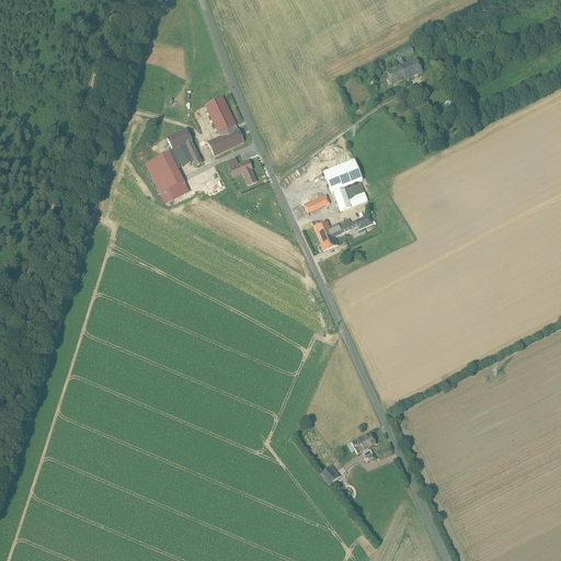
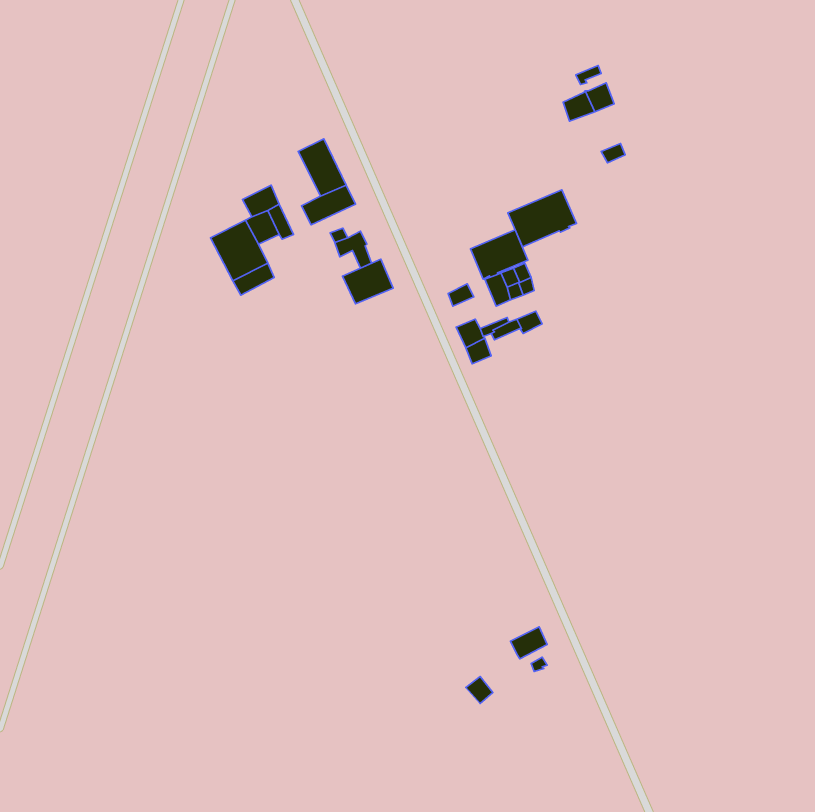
building: none -> [508,190,577,247]
building: none -> [342,259,393,304]

